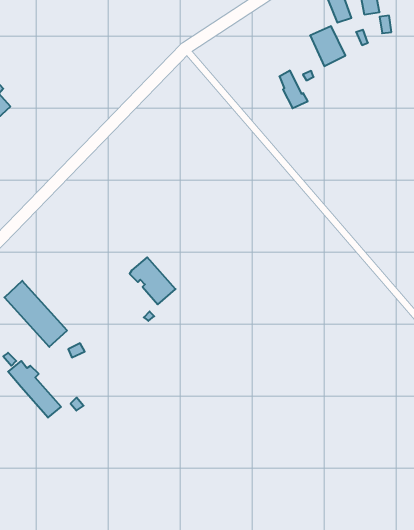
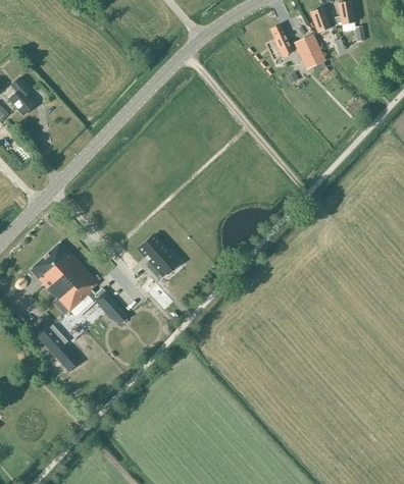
building: [279,71,308,108] -> [270,24,295,57]
building: none -> [45,241,129,324]

